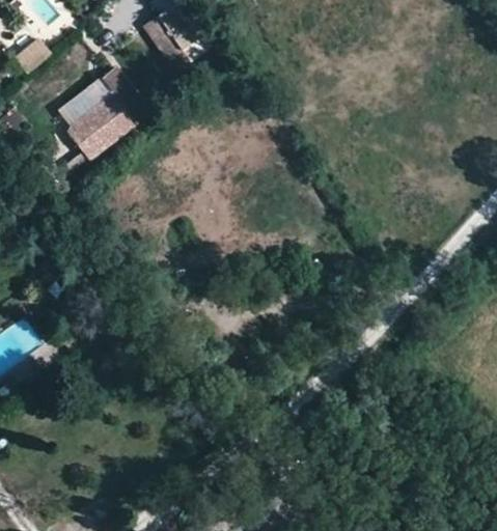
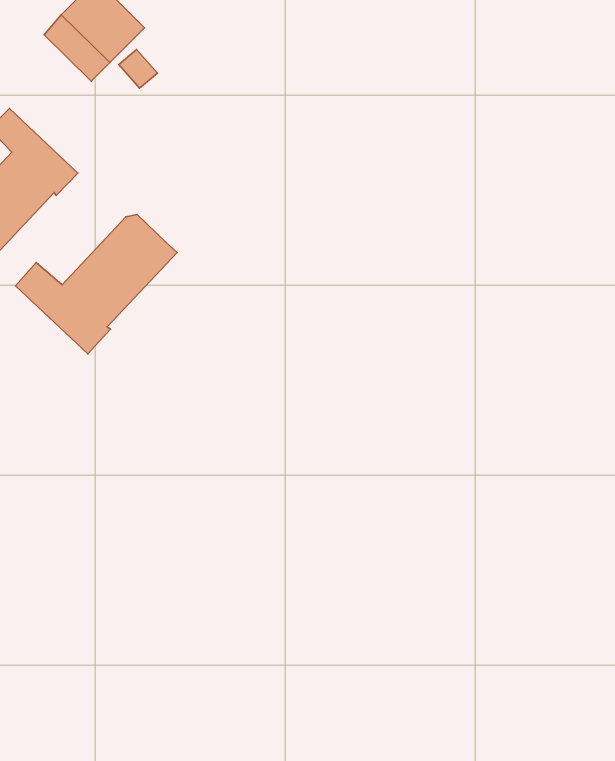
building: none -> [15,214,177,354]

